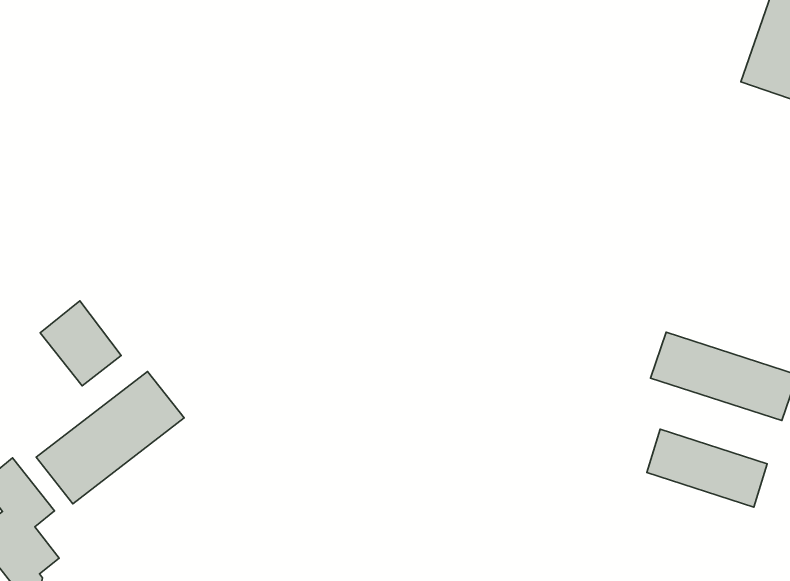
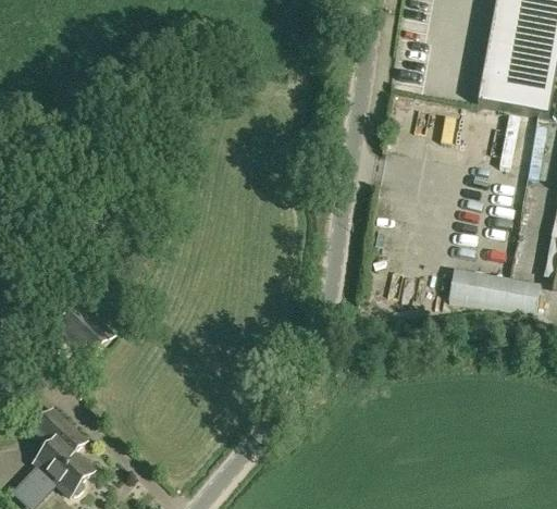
building: [36,371,184,504] -> none
building: [647,429,767,507] -> none

